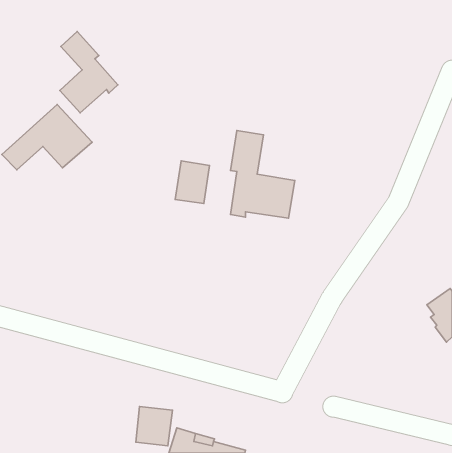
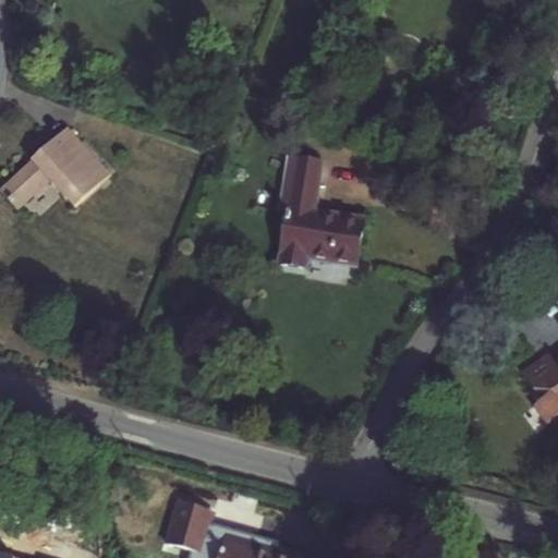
building: [60,31,118,113] -> none
building: [175,161,210,203] -> none

